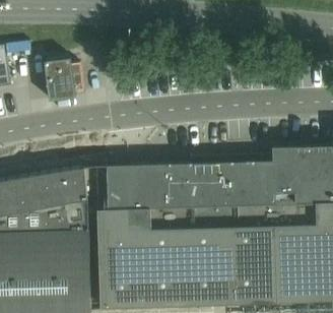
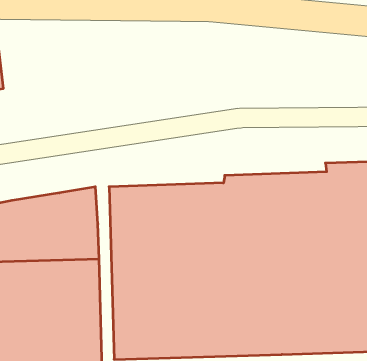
building: [44,58,82,101] -> none

